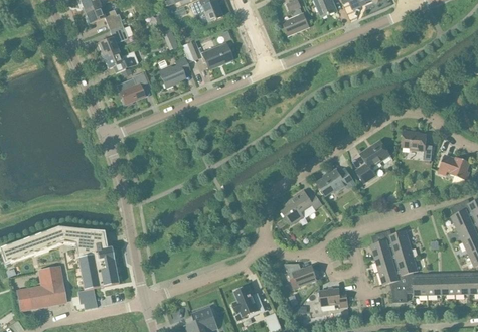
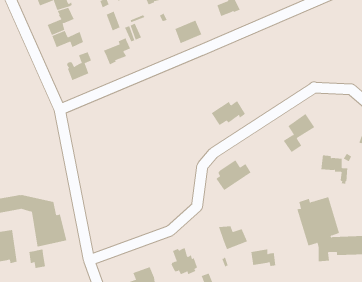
building: [202,43,232,69] -> [175,20,202,44]
building: [402,131,432,163] -> [320,155,348,184]
building: [316,168,354,196] -> [211,100,246,126]

